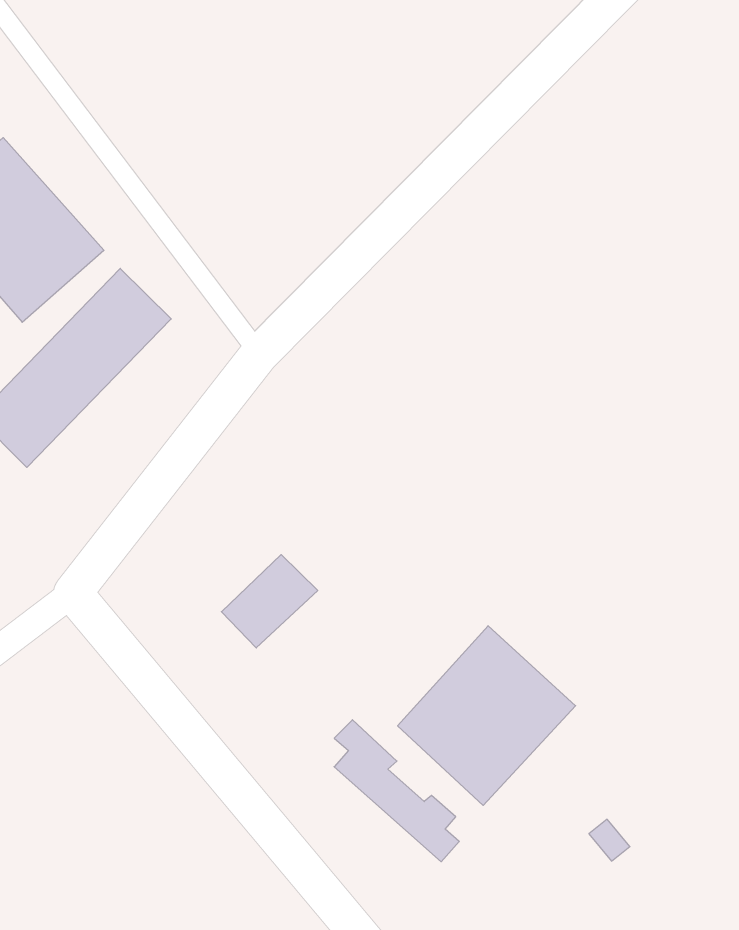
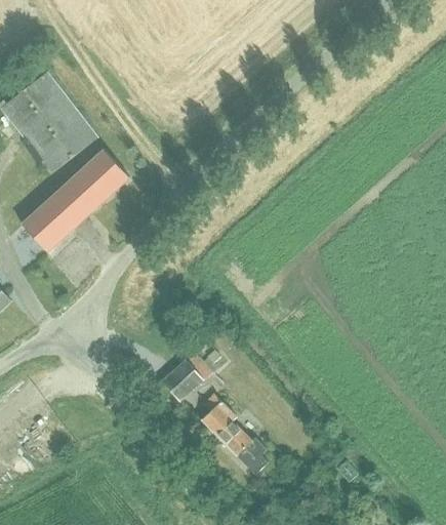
building: [221,555,318,648] -> [162,354,214,403]
building: [398,626,576,805] -> none

